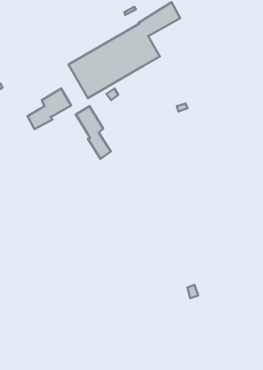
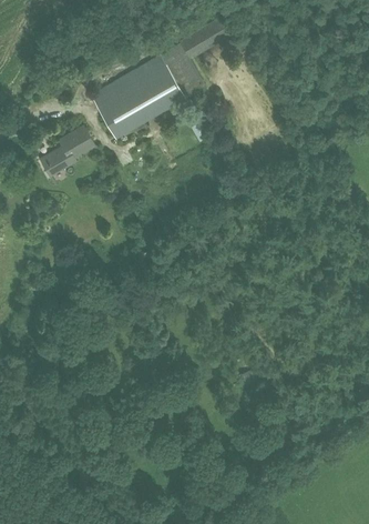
building: [76,106,111,159] -> none

